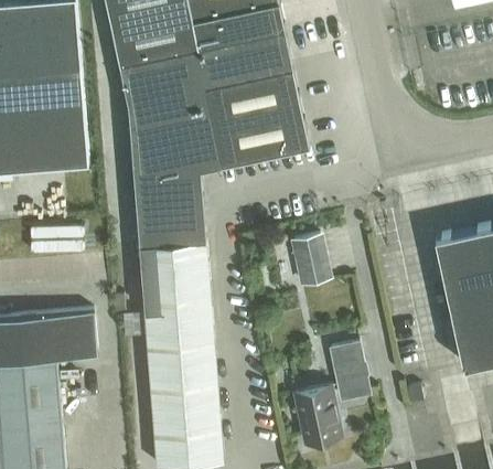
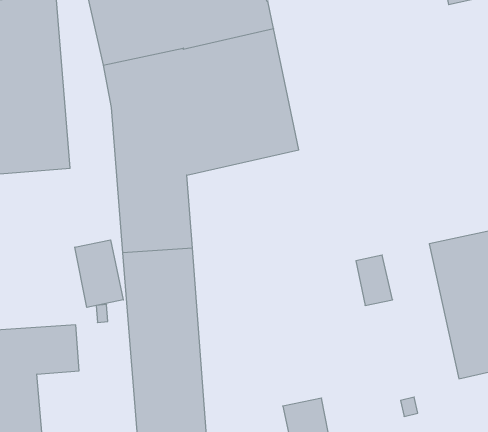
building: none -> [75,240,123,307]
building: [293,238,329,287] -> [356,255,393,305]
building: [330,344,368,396] -> none

